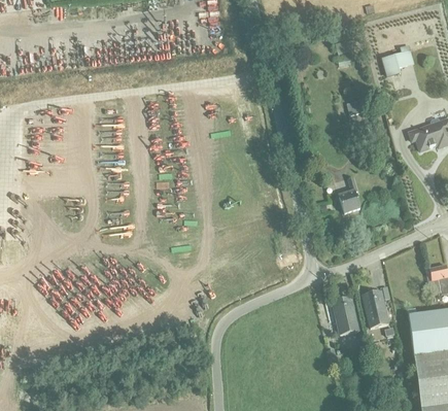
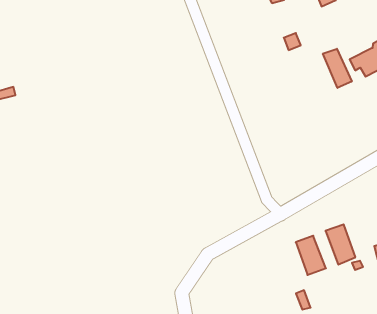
building: none -> [323,49,352,88]
building: [339,175,359,212] -> none

